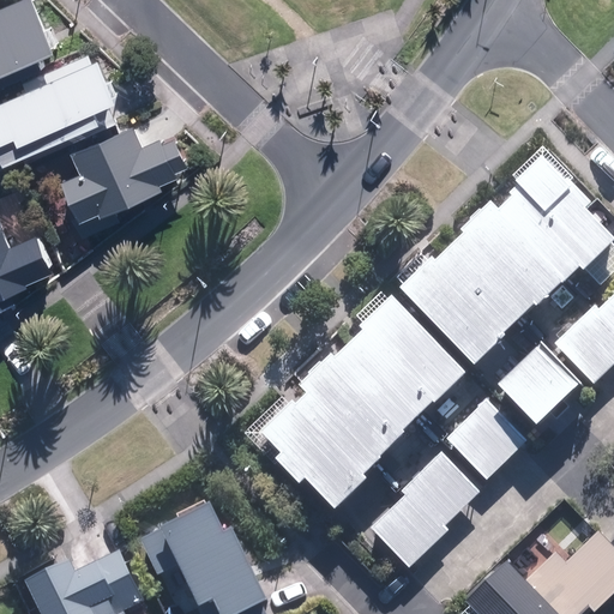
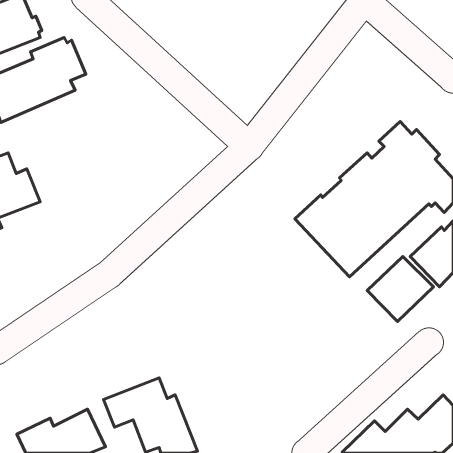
building: [59,121,188,221] -> none
building: [254,299,466,513] -> none
building: [441,399,524,482] -> none
building: [367,451,478,570] -> none

